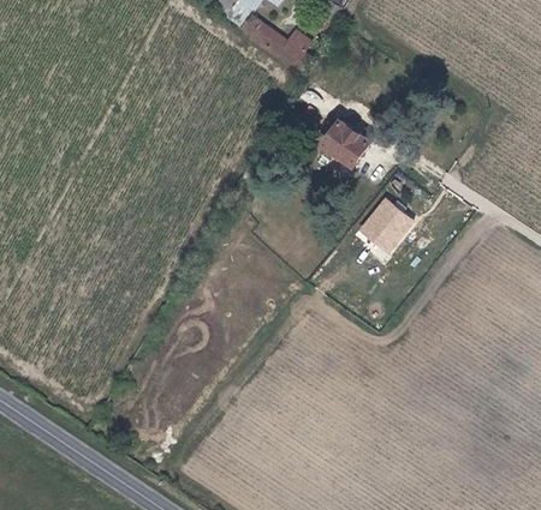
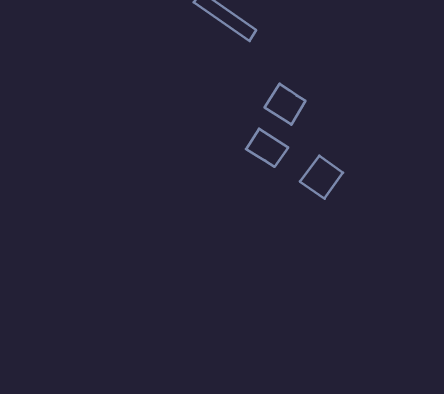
building: none -> [246,129,288,167]

